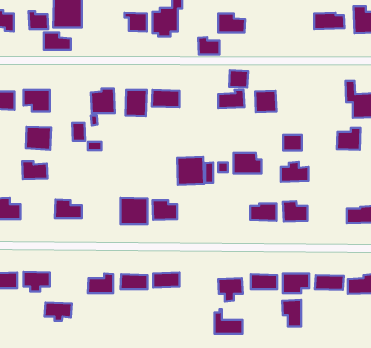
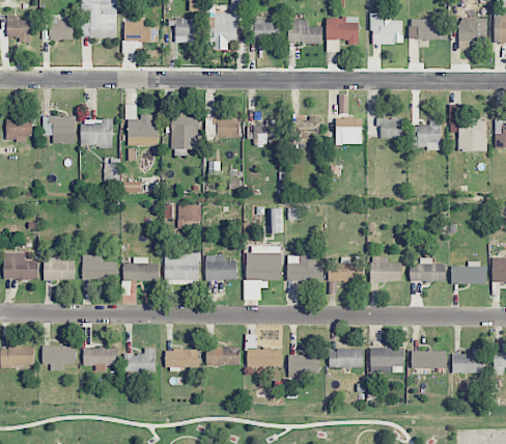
building: none -> [371,12,402,44]
building: none -> [326,17,359,52]
building: [44,33,71,50] -> [124,20,159,41]
building: [198,37,219,54] -> [253,18,280,39]
building: [229,70,248,88] -> [254,121,278,143]
building: [26,127,51,150] -> [81,118,113,147]
building: [337,128,361,150] -> [411,120,441,148]
building: [283,135,302,151] -> [380,118,403,138]
building: [234,153,261,173] -> [287,255,322,281]
building: [177,157,204,185] -> [247,246,281,281]
building: none -> [177,204,201,229]
building: [22,161,48,179] -> [44,257,76,280]
building: [281,162,309,182] -> [410,257,445,282]
building: none -> [123,256,159,281]
building: [282,300,301,326] -> none
building: [45,303,72,321] -> [83,348,117,370]
building: [215,309,242,334] -> [247,335,282,366]

